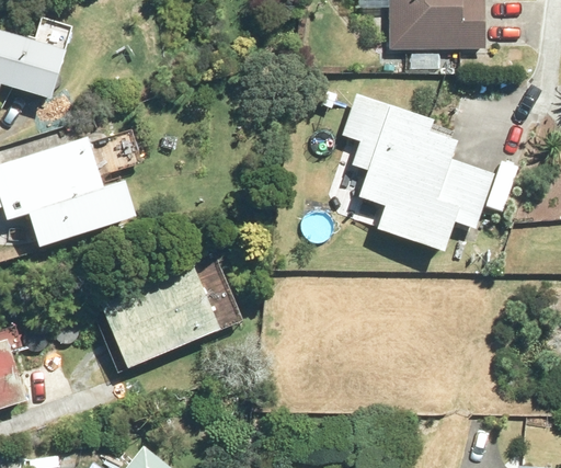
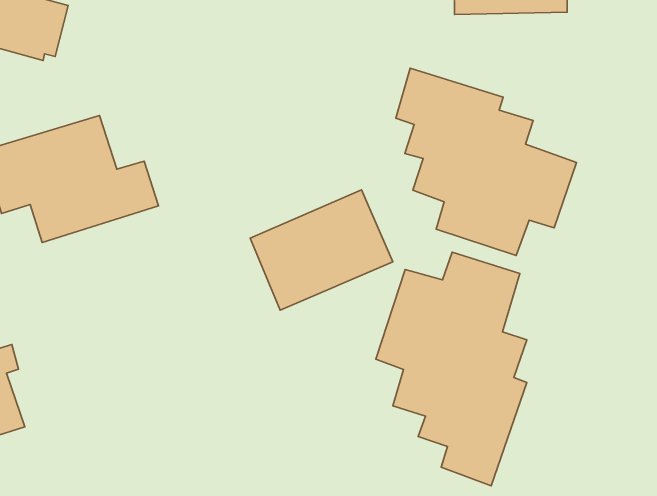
building: none -> [376,252,527,486]
building: [104,266,224,367] -> [250,190,393,310]

